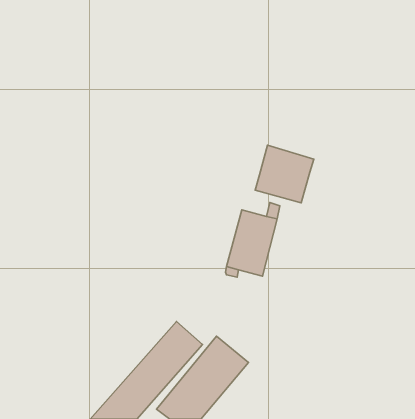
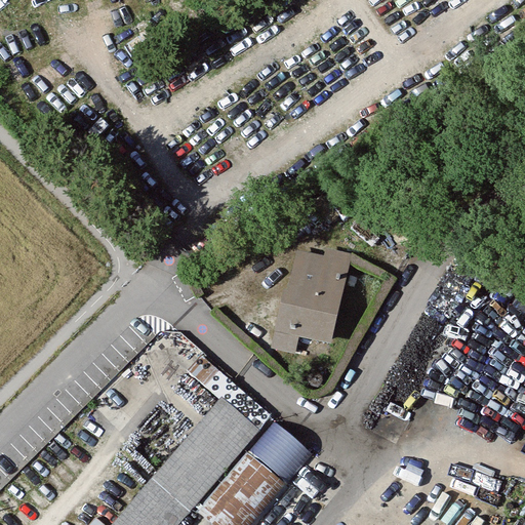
building: [255,145,314,203] -> none

